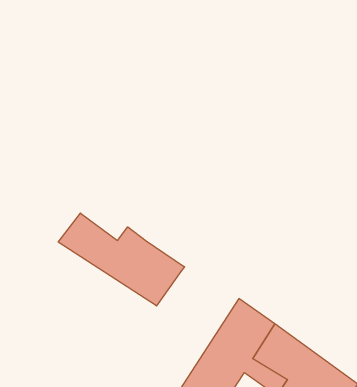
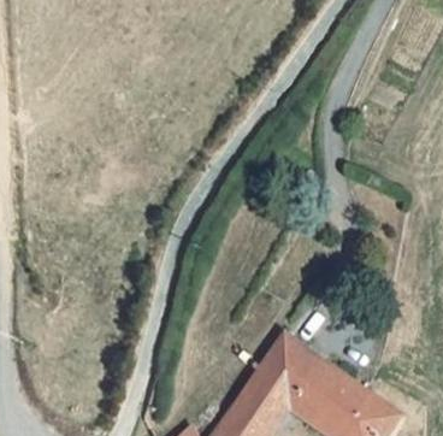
building: [58,213,185,306] -> none

